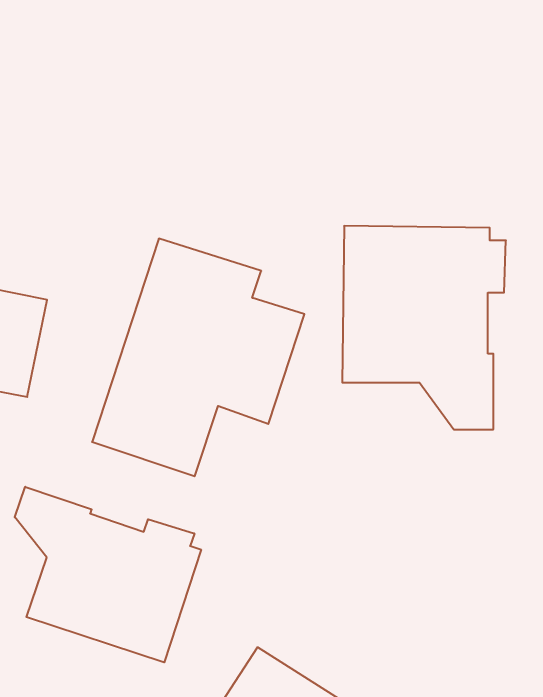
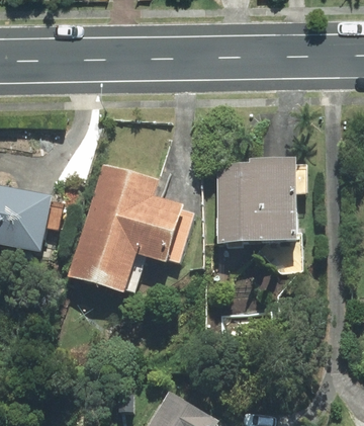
building: [15,487,201,662] -> none

